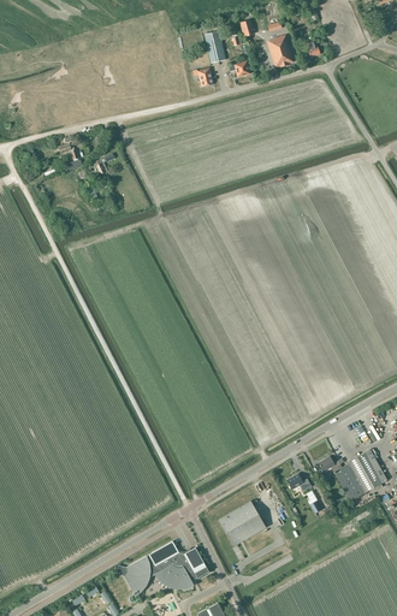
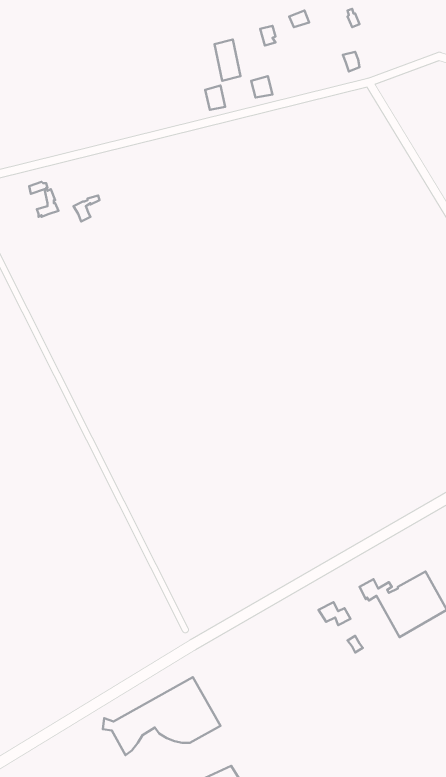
building: [266,35,292,67] -> none
building: [218,500,265,546] -> none

